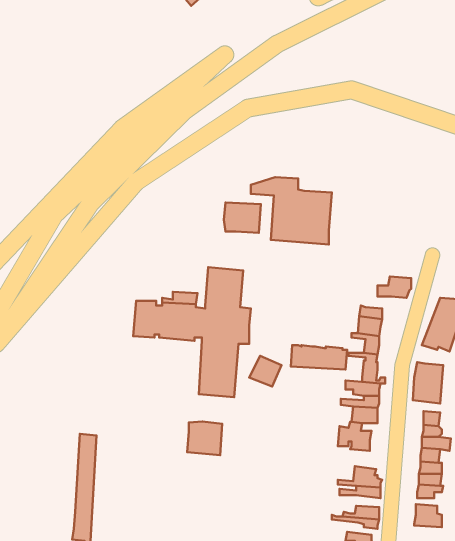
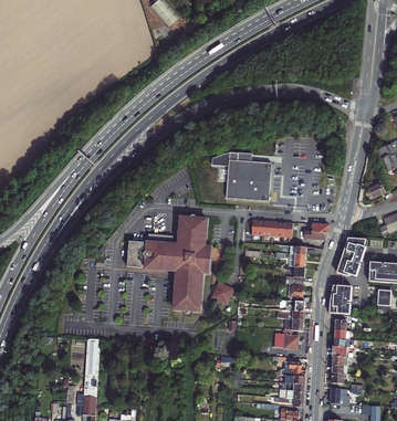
building: [224,203,261,233] -> none
building: [291,345,347,370] -> [251,219,292,236]
building: [187,422,222,455] -> none

